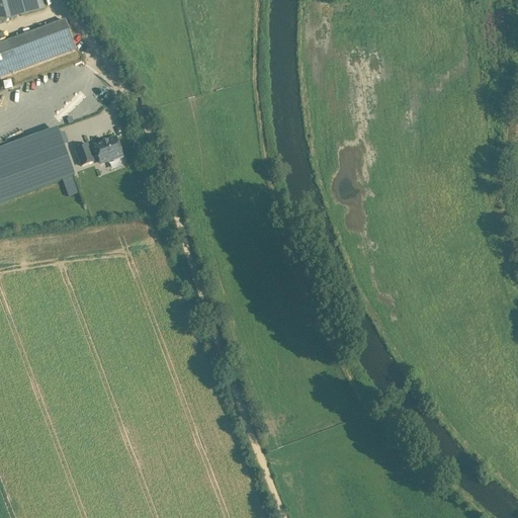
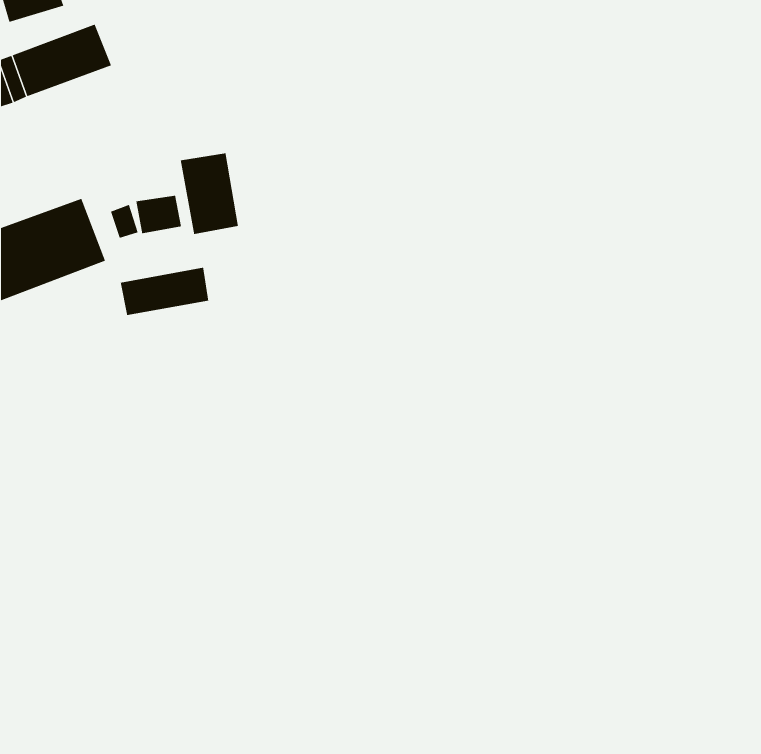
building: none -> [180,152,239,235]
building: none -> [120,267,209,316]

